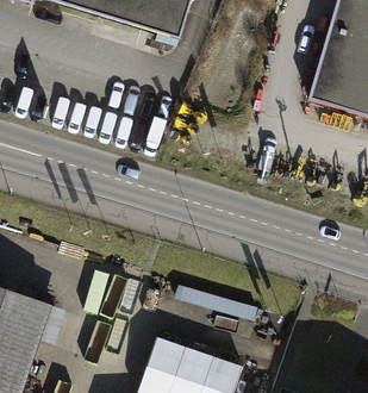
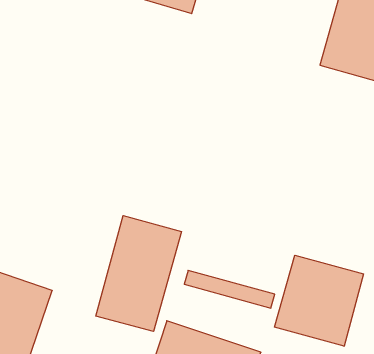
building: none -> [96,216,181,331]
building: none -> [275,255,363,346]

